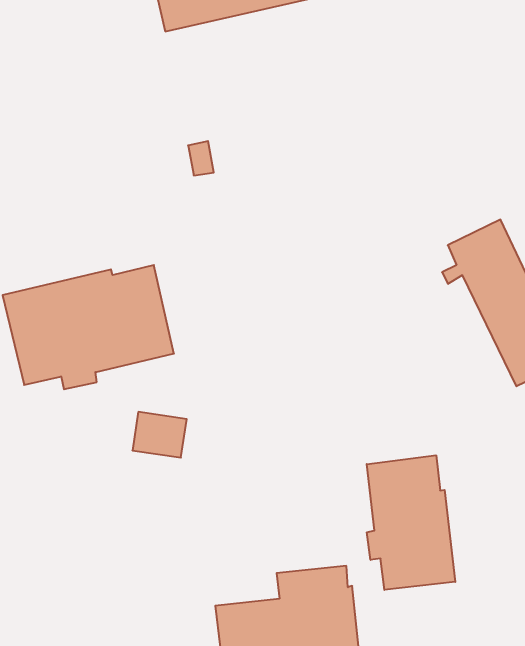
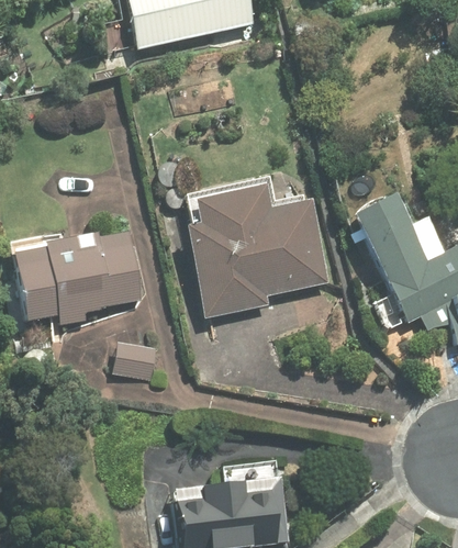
building: none -> [188,186,328,318]
building: [367,455,455,590] -> none

